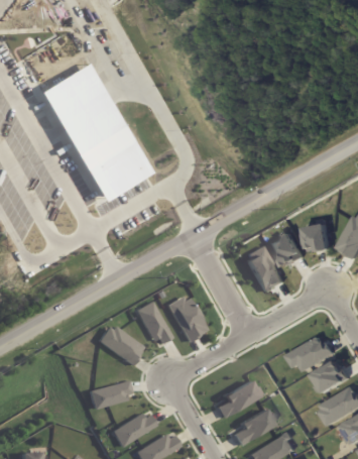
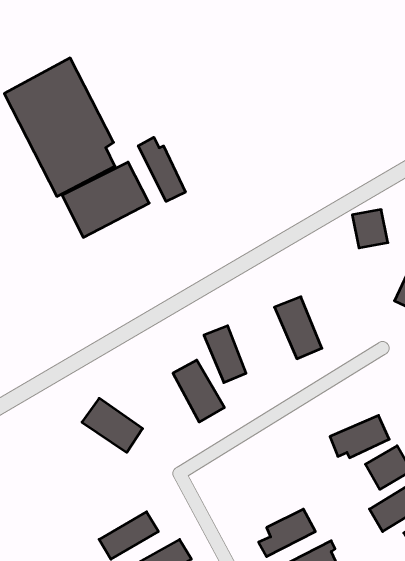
building: none -> [138,137,185,201]
building: [304,223,331,252] -> [352,210,388,248]
building: [271,232,303,266] -> none
building: [137,301,169,344] -> [204,326,246,383]
building: [88,379,133,408] -> none
building: [213,380,262,417] -> none

